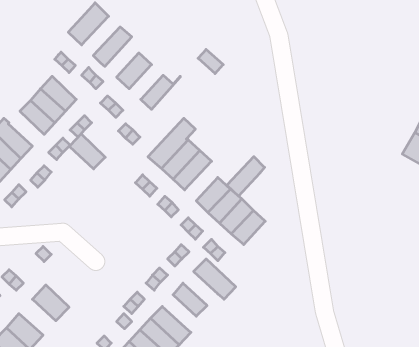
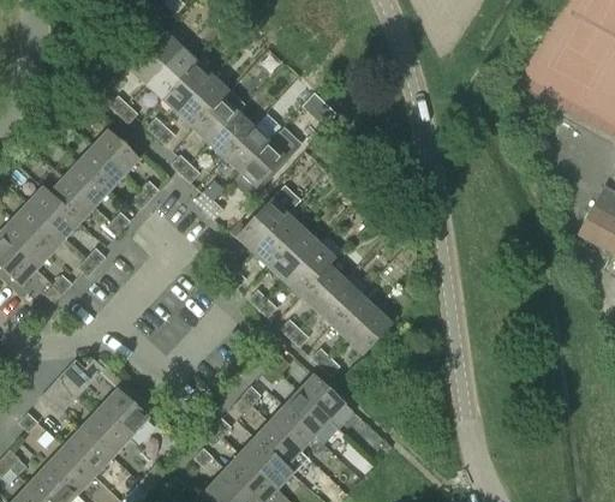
building: none -> [147,48,198,101]
building: none -> [178,76,228,130]
building: none -> [210,113,256,160]
building: none -> [240,130,294,186]
building: [69,134,105,169] -> [48,175,96,222]
building: [227,157,265,196] -> [285,243,335,295]
building: none -> [98,388,149,438]
building: none -> [282,390,329,436]
building: none -> [255,422,308,472]
building: none -> [62,428,112,476]

